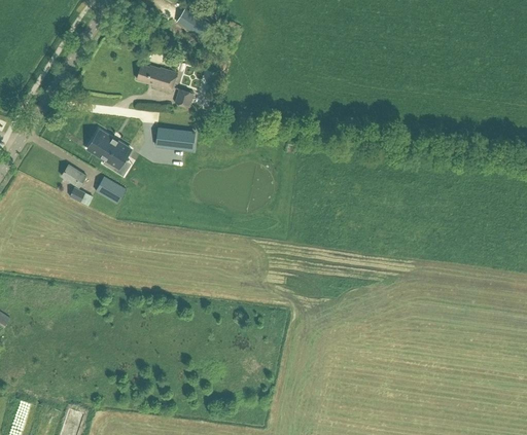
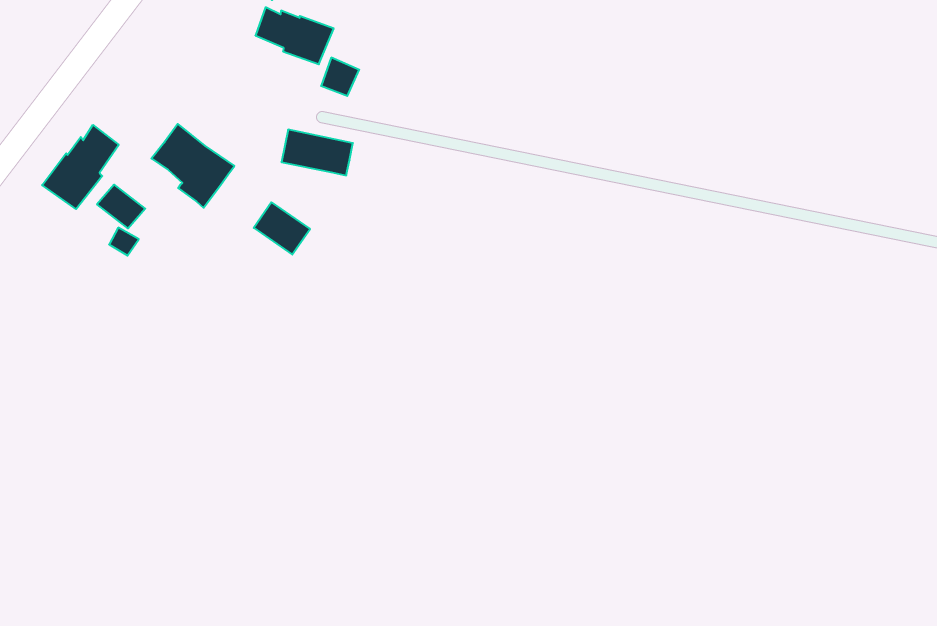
building: none -> [42,125,119,209]
building: [95,176,125,203] -> [254,202,310,255]

